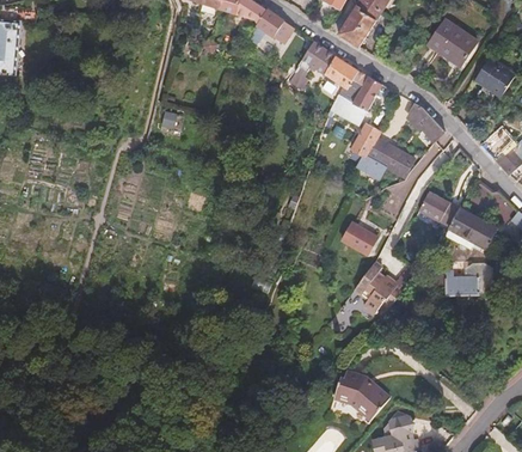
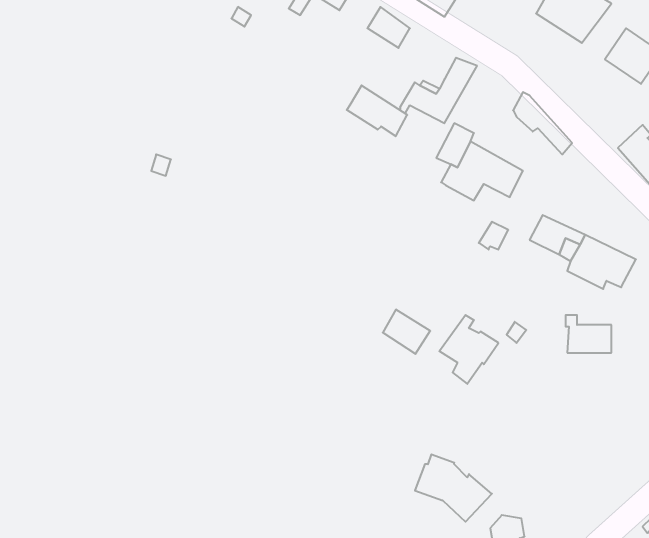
building: [323,55,367,92] -> [347,85,407,136]
building: [340,222,375,255] -> [383,310,430,354]

